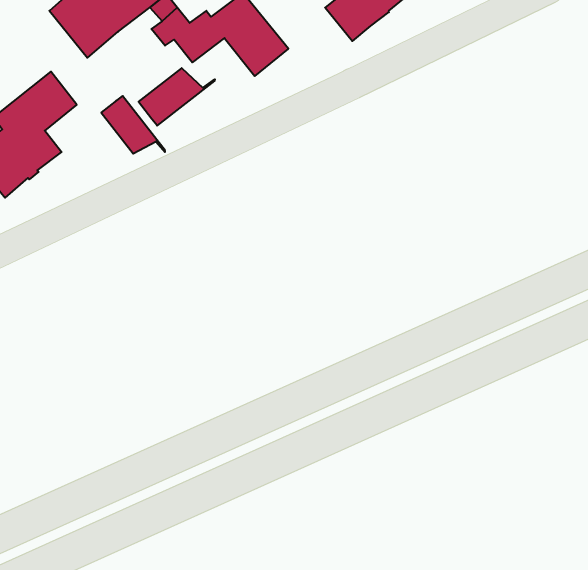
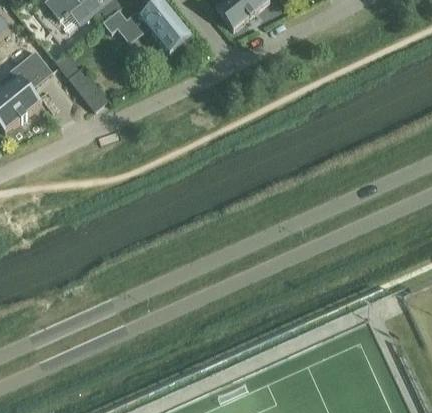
building: [139,68,215,126] -> none

